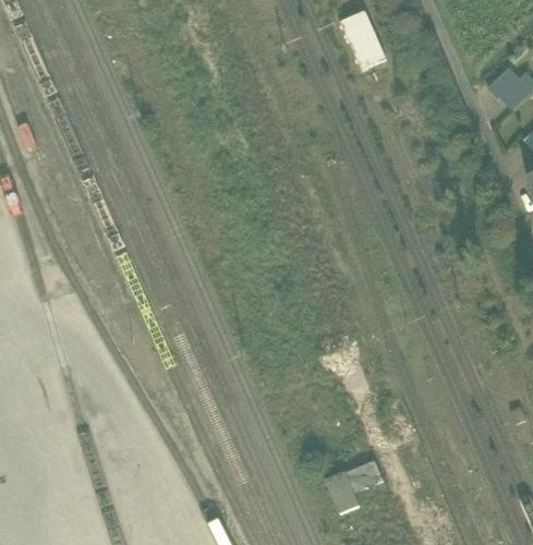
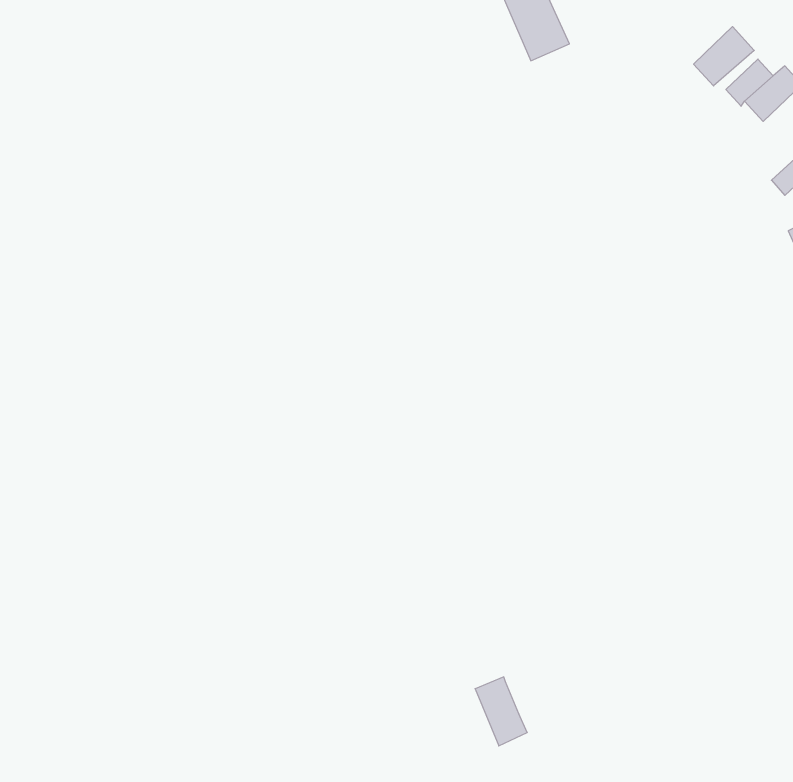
building: none -> [694,27,754,86]
building: [346,458,385,492] -> none

